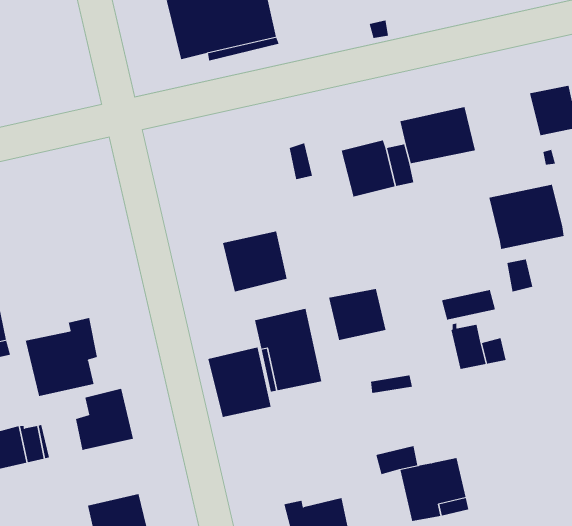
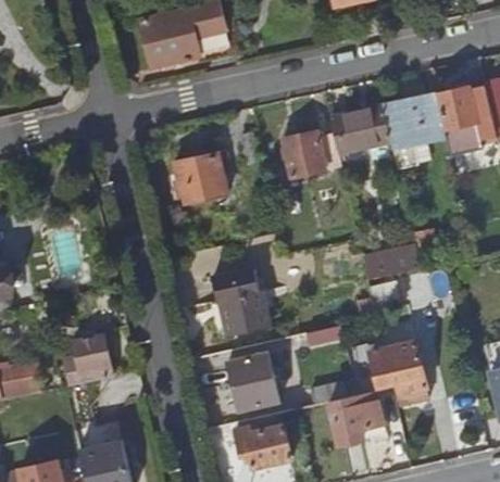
building: [488,184,564,250] -> [383,94,445,148]
building: [222,231,287,292] -> [173,153,226,203]
building: [329,288,386,341] -> none
building: [25,317,97,397] -> none
building: [208,347,272,417] -> [226,353,278,410]
building: none -> [370,341,429,405]

